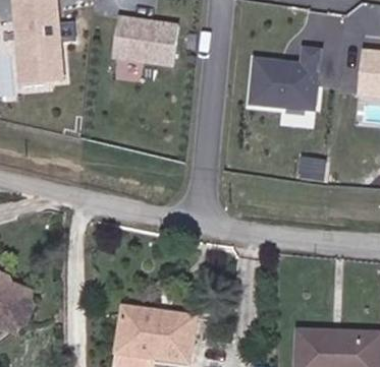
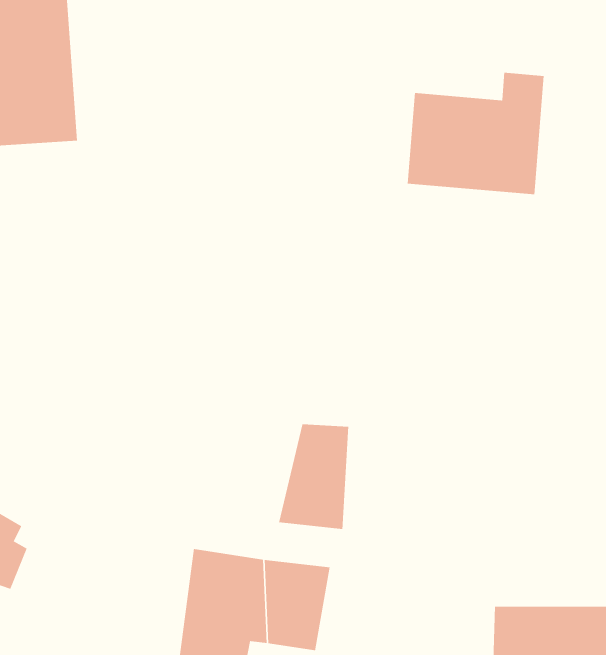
building: [111,15,182,65] -> none
building: none -> [279,423,349,530]

